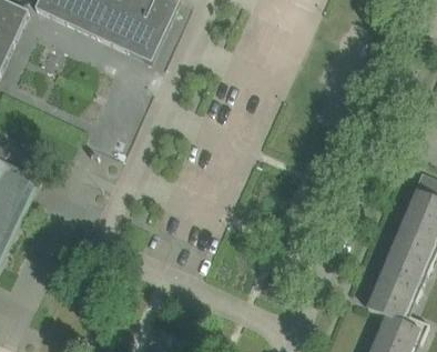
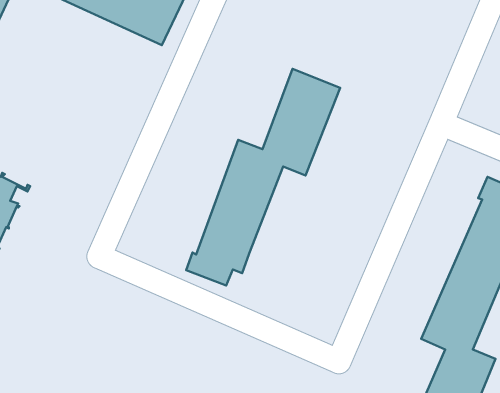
building: none -> [186,69,340,285]

